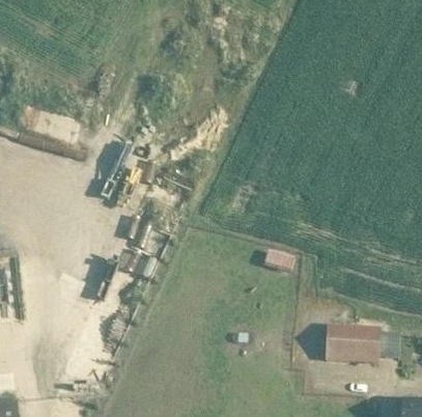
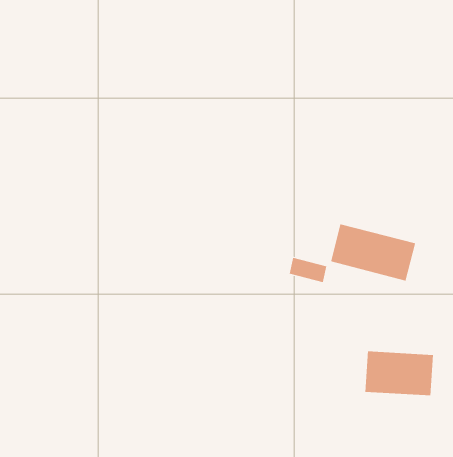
building: none -> [331,223,416,281]

